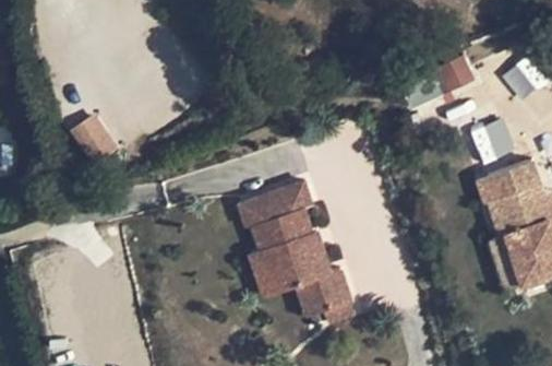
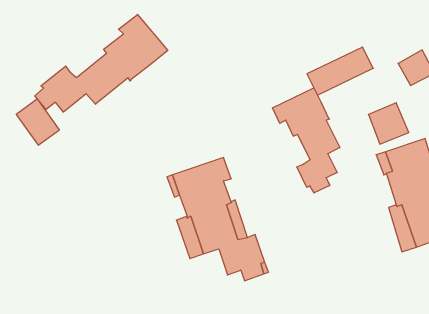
building: none -> [35,14,168,112]
building: none -> [273,88,340,193]

